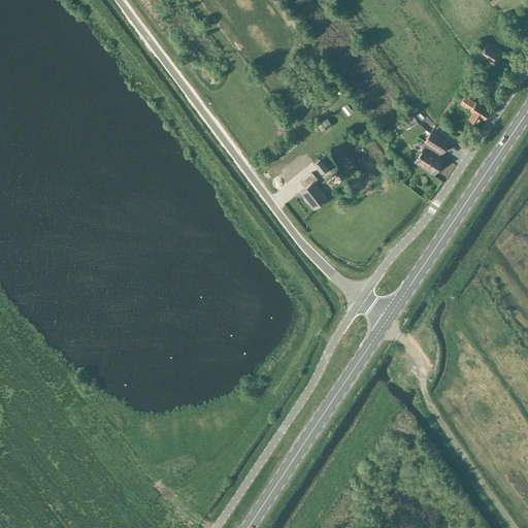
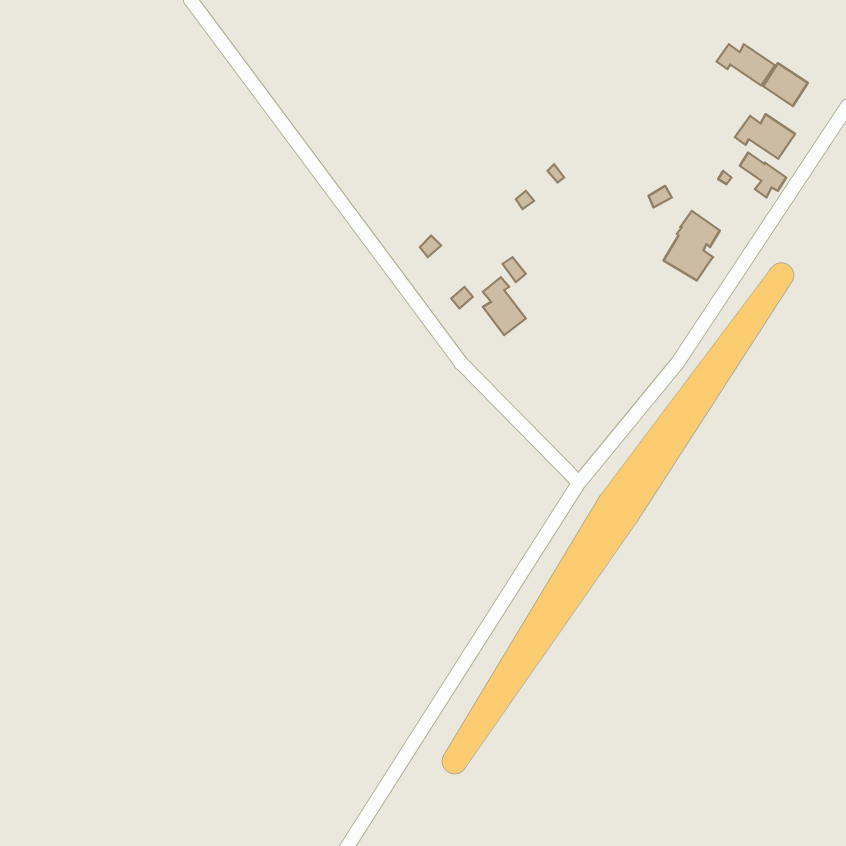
building: none -> [716,44,775,85]
building: none -> [735,114,795,159]

